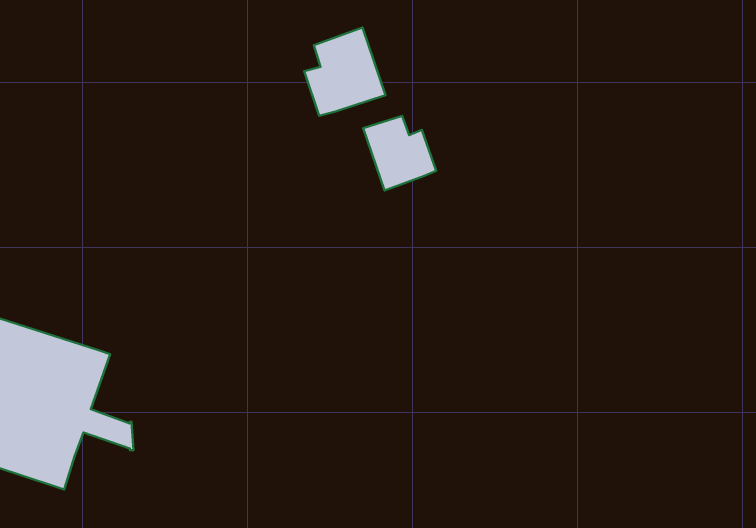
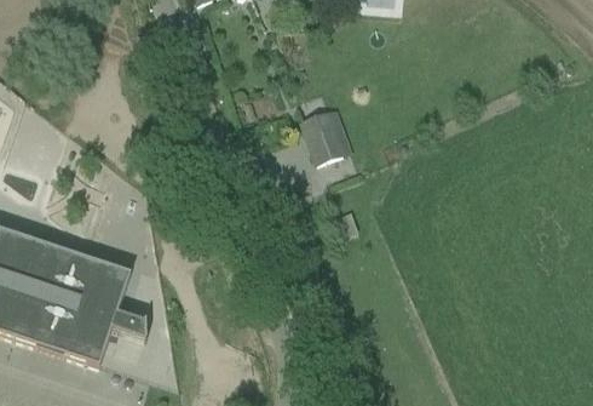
building: [304,27,386,116] -> none

